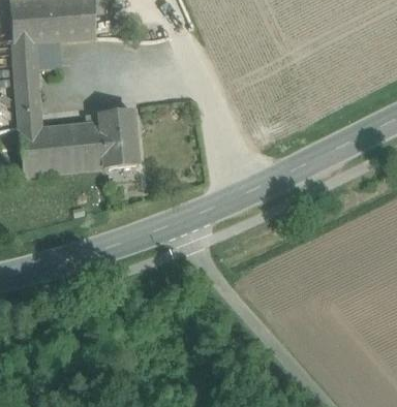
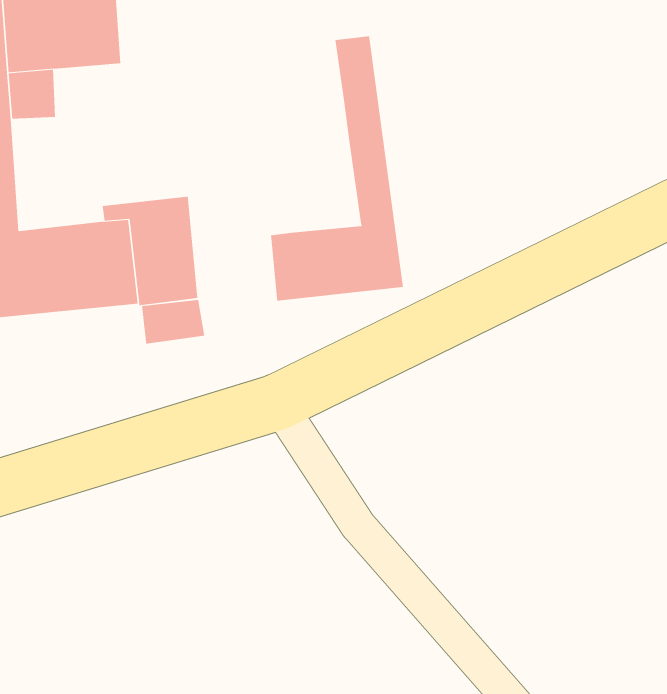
building: none -> [270,35,404,301]
building: none -> [142,299,205,344]

